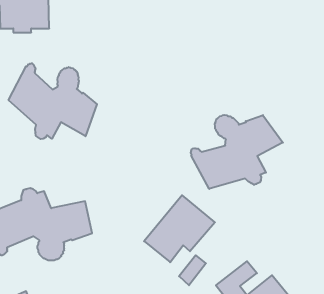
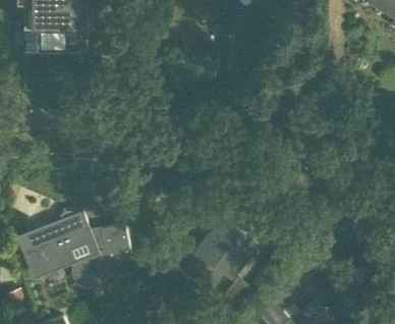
building: [9,63,97,139] -> none
building: [191,115,283,189] -> none

